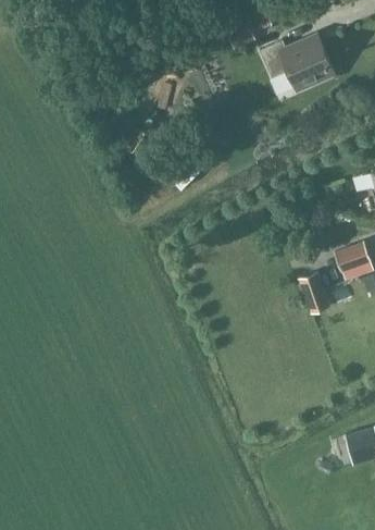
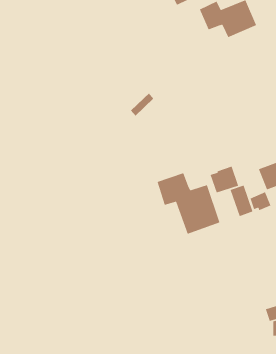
building: none -> [210,166,239,193]
building: none -> [156,172,221,235]

